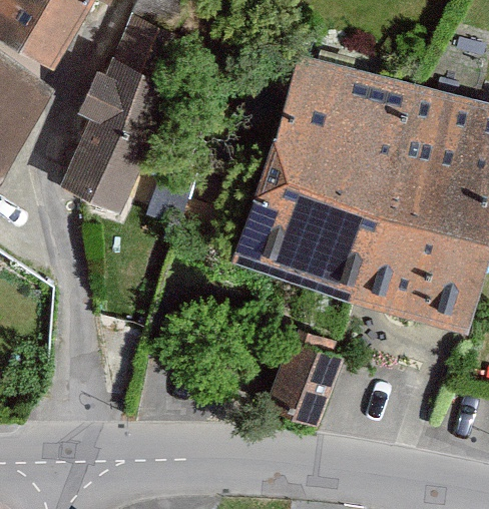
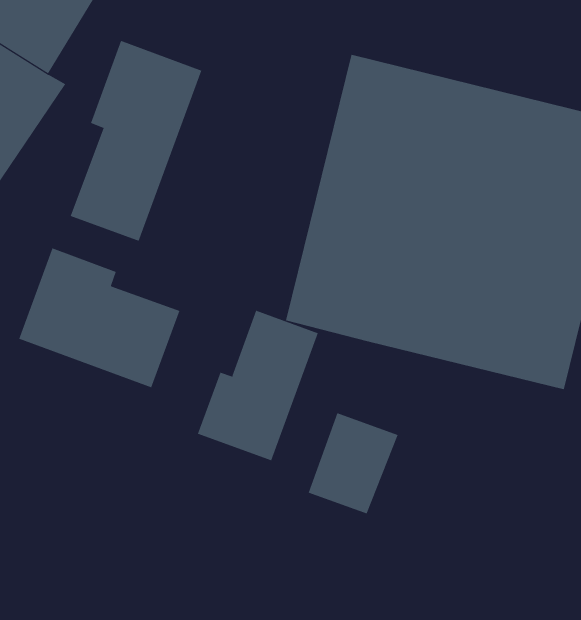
building: none -> [18,247,180,388]
building: none -> [197,310,319,461]

